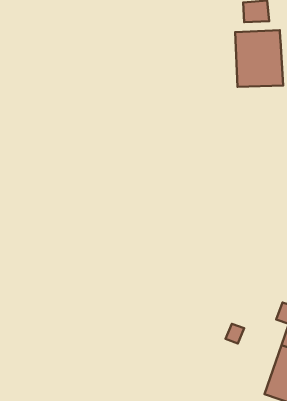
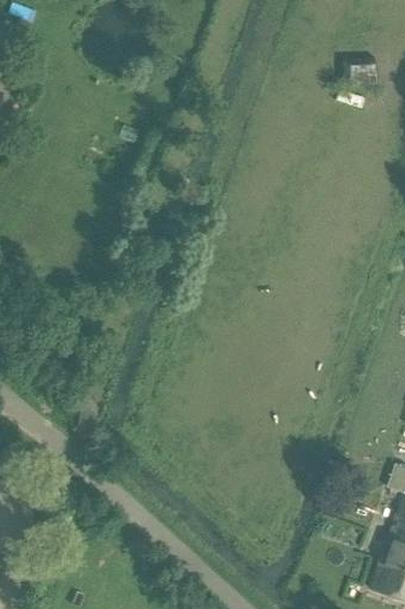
building: [235,30,283,87] -> none

